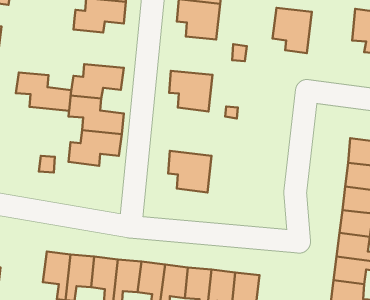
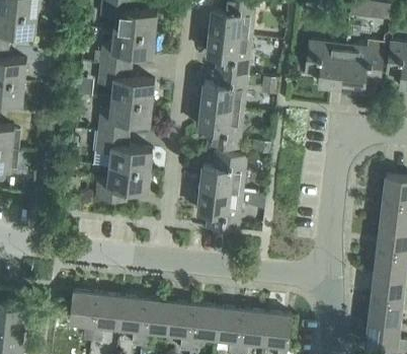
building: none -> [340,44,383,89]
building: none -> [200,69,247,109]
building: [16,72,71,111] -> [97,62,154,101]
building: none -> [199,151,246,192]

